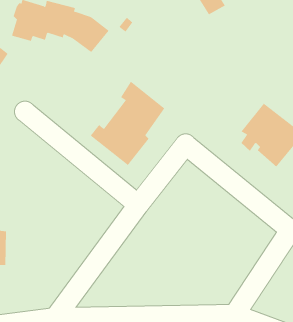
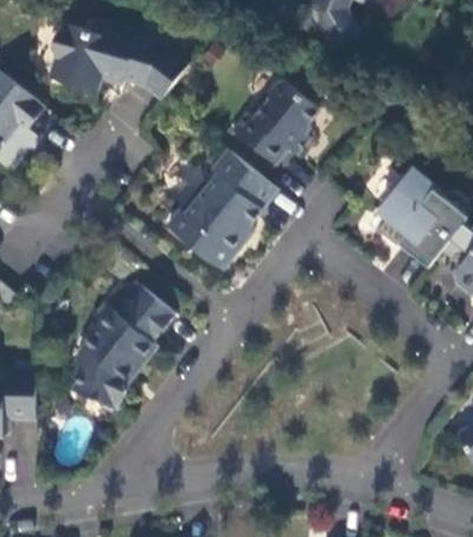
building: none -> [236,83,318,160]
building: none -> [73,281,175,405]

